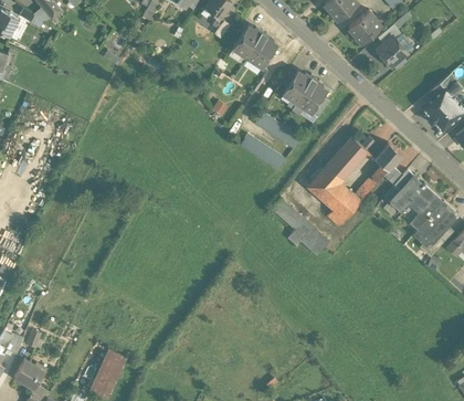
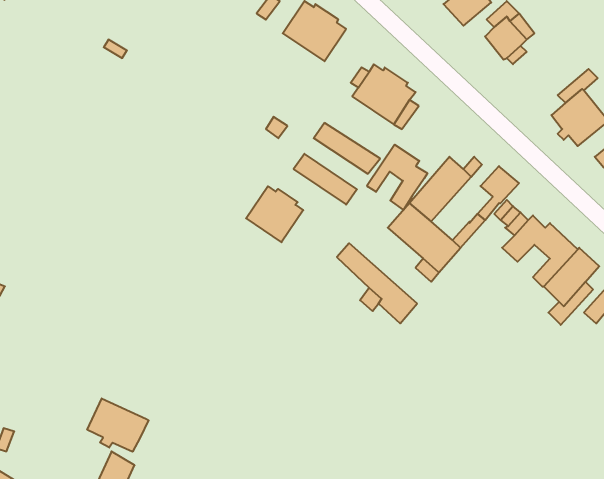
building: none -> [367,145,427,210]
building: none -> [246,186,303,242]
building: none -> [87,398,149,452]

